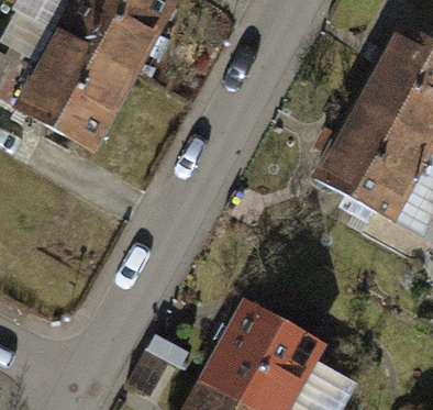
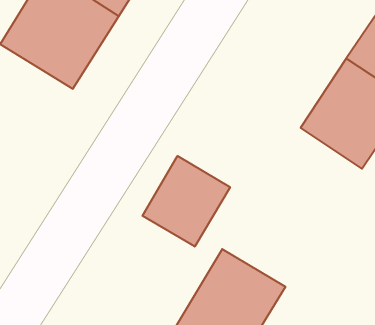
building: none -> [143,156,230,247]

